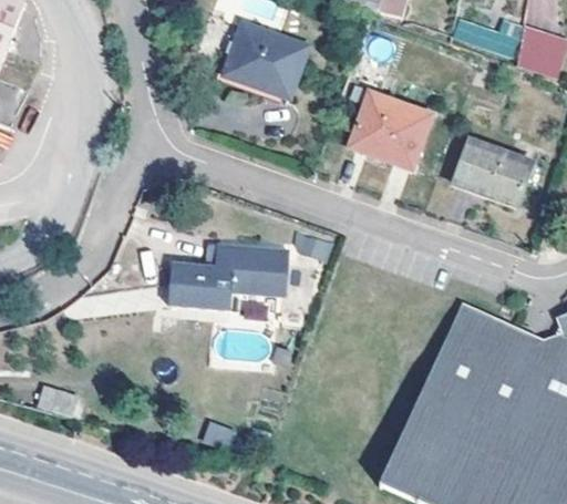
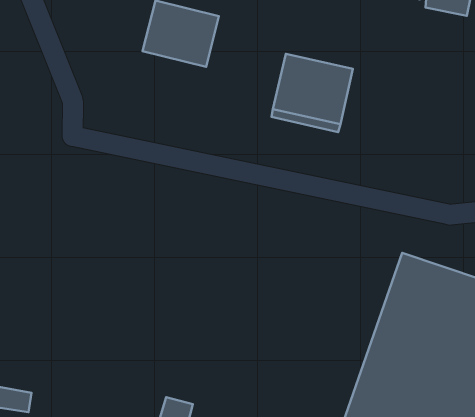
building: [454,140,544,205] -> none
building: [172,241,289,308] -> none

